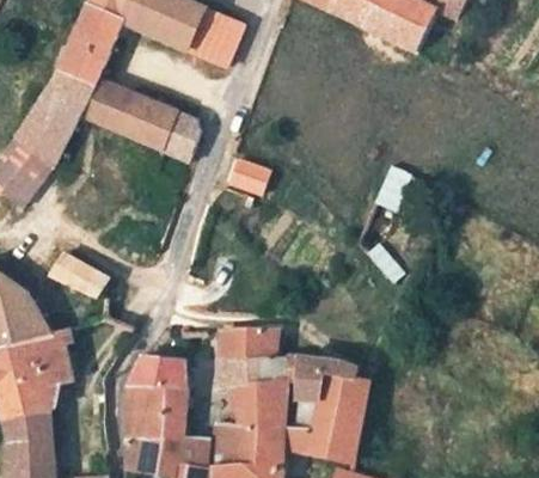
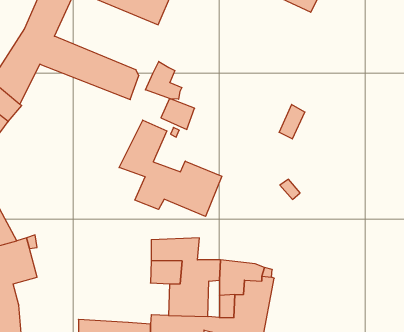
building: none -> [145,61,182,99]
building: none -> [119,120,222,216]
building: [51,256,110,298] -> none
building: [125,360,190,436] -> none

